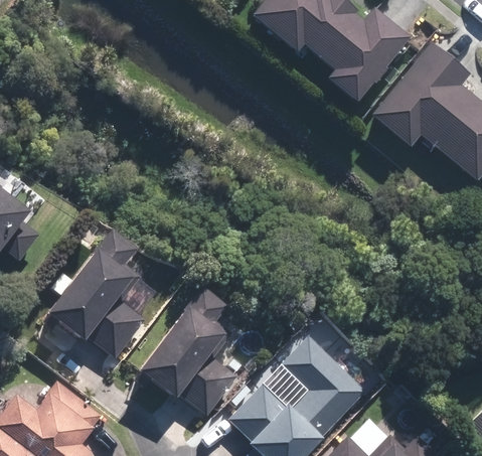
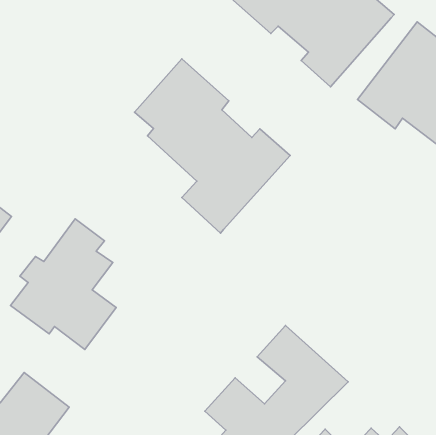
building: none -> [134,59,290,233]
building: [132,286,242,415] -> none

